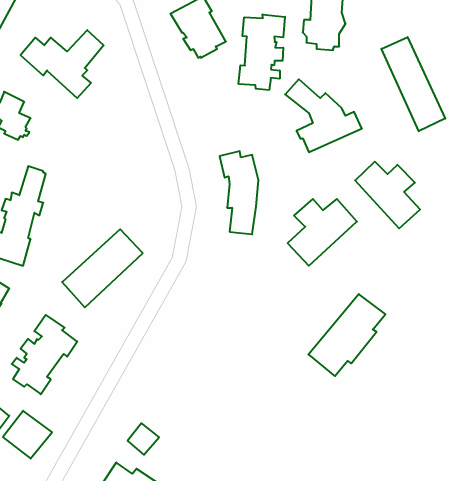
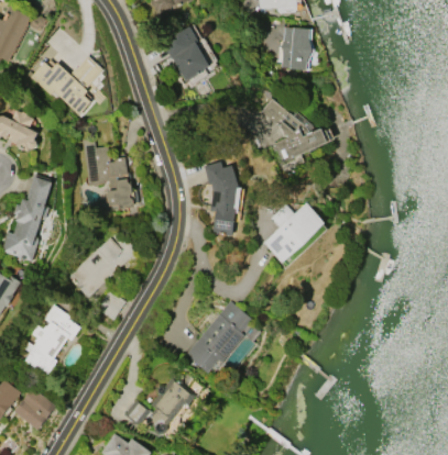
building: [239,14,285,90] -> none
building: [381,37,445,131] -> none
building: none -> [80,138,138,210]
building: [355,162,420,228] -> none
building: [308,294,385,376] -> [185,301,252,373]
building: none -> [146,378,195,434]

